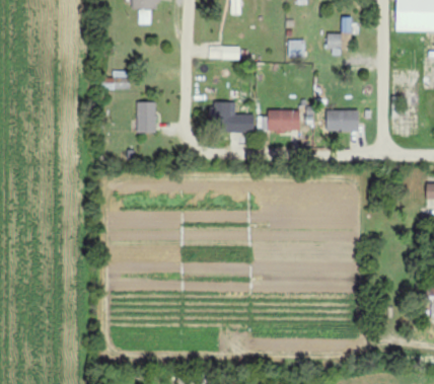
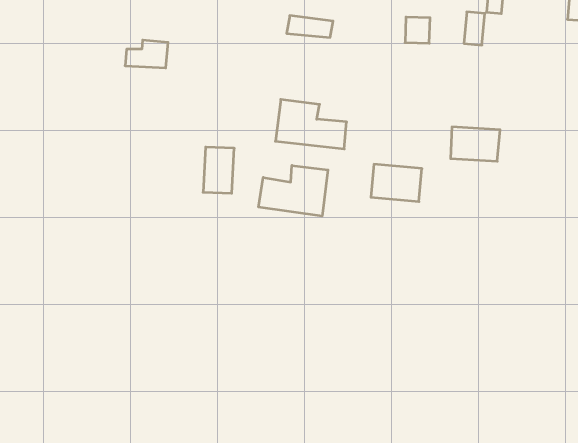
building: [137,101,157,133] -> [203,147,234,193]
building: [269,109,301,132] -> [371,164,422,202]
building: none -> [259,165,328,216]

